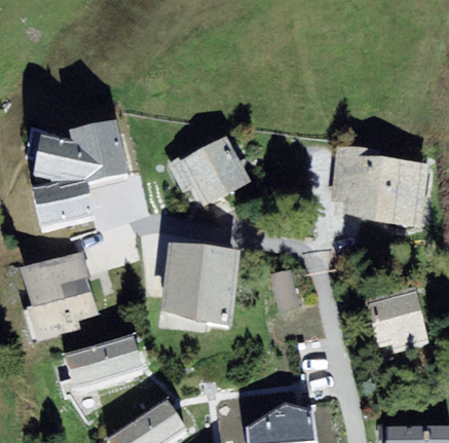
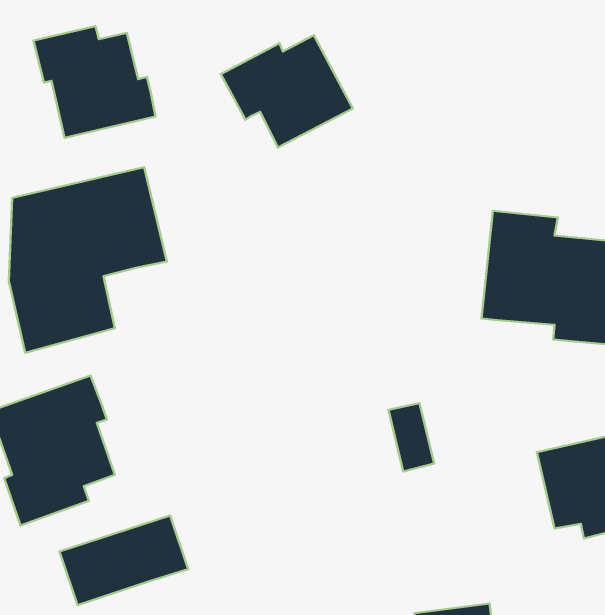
building: none -> [34,26,156,138]
building: [166,136,250,207] -> [221,35,353,148]
building: [159,247,238,329] -> none

